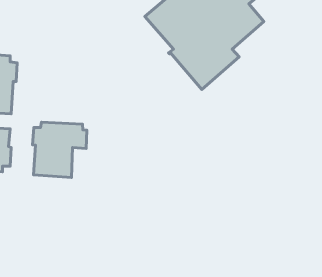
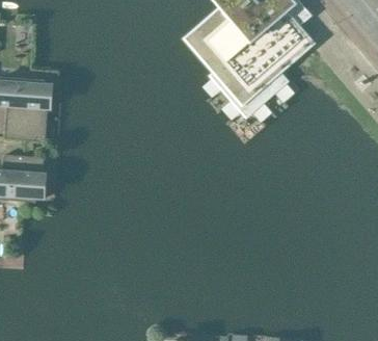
building: [32,122,87,178] -> none

